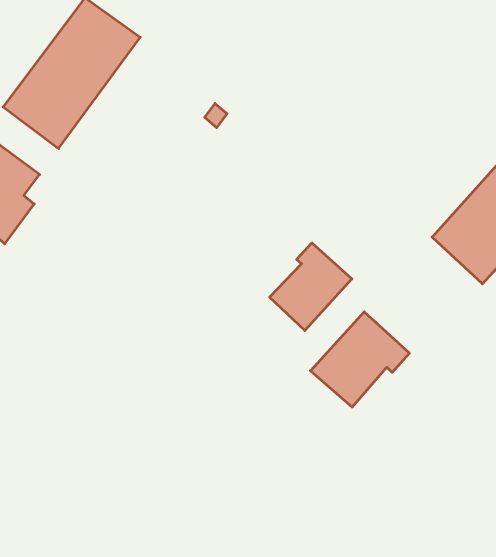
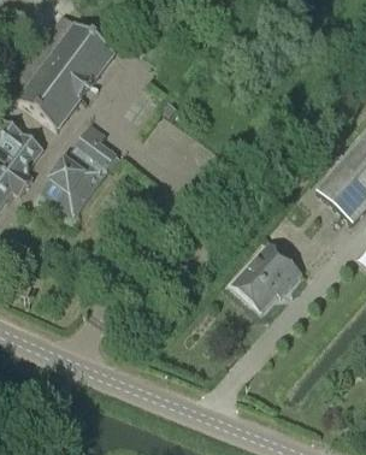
building: none -> [42,130,118,213]
building: [270,243,352,331] -> none

